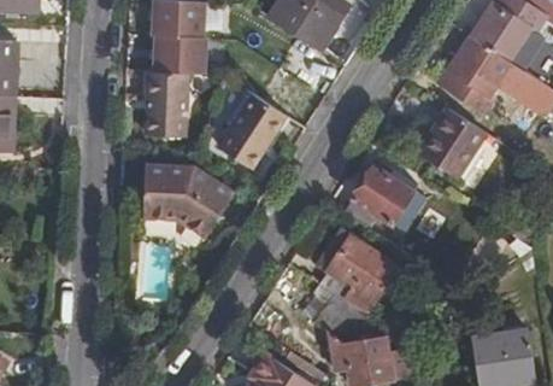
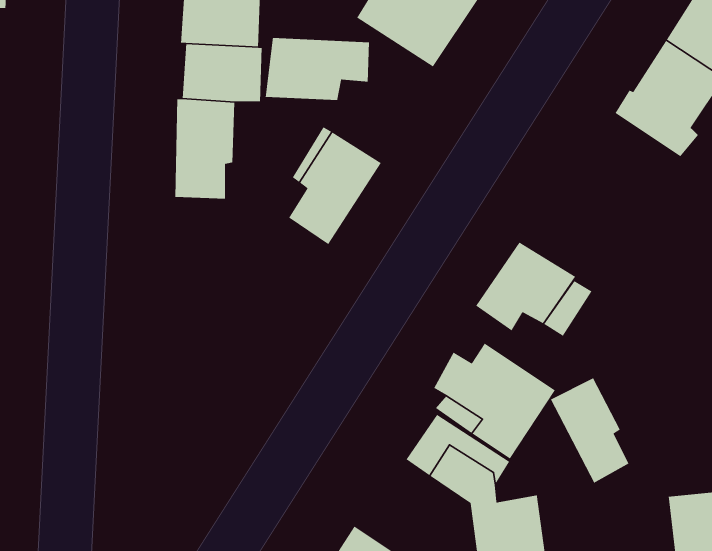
building: none -> [265,37,370,101]
building: [422,105,492,180] -> none
building: [146,165,235,239] -> none
building: none -> [550,377,630,484]

